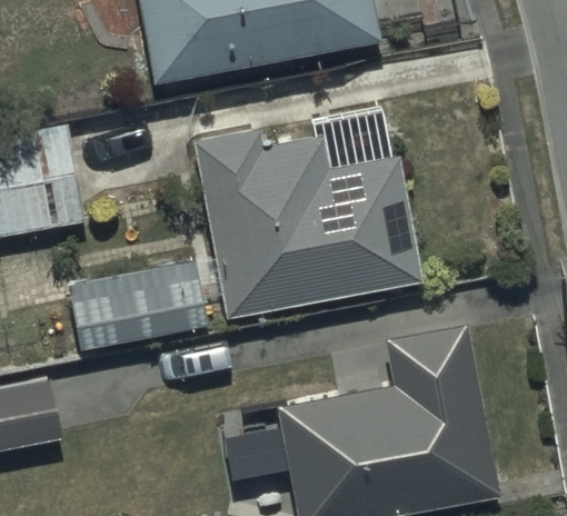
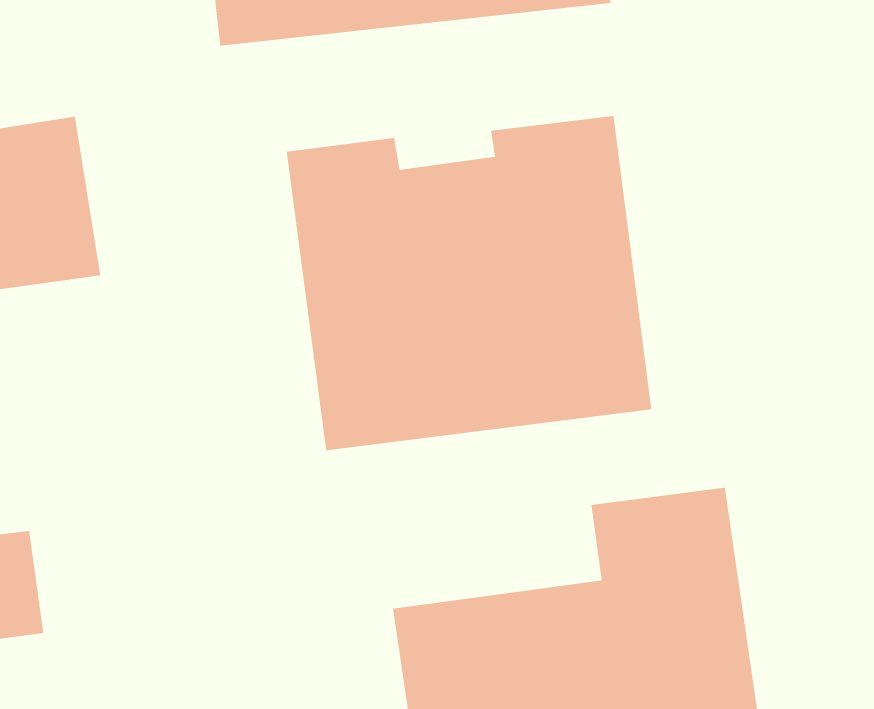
building: [67,259,209,348] -> none

